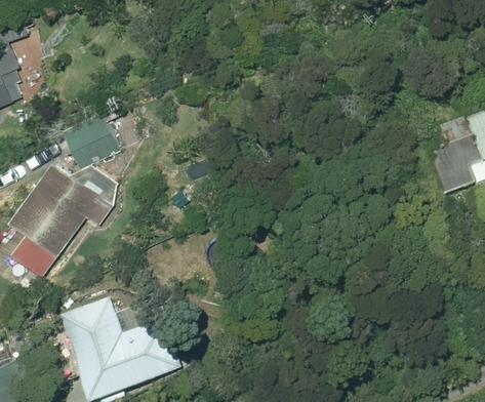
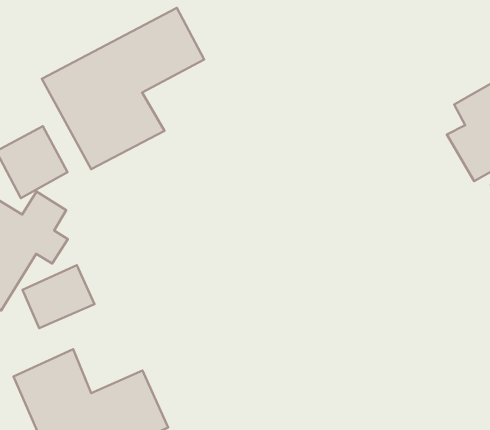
building: none -> [42,8,204,169]
building: none -> [22,265,95,328]

